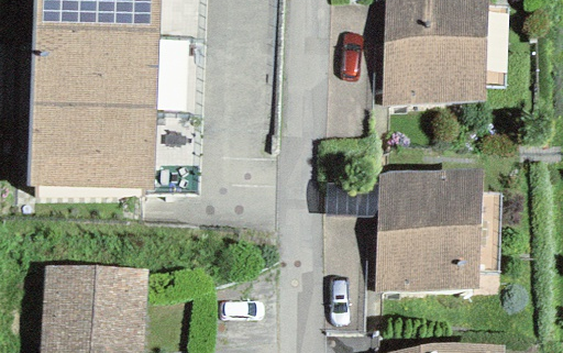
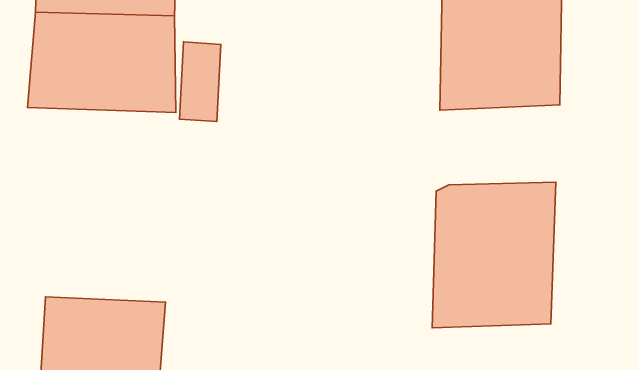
building: [30,103,157,190] -> none

